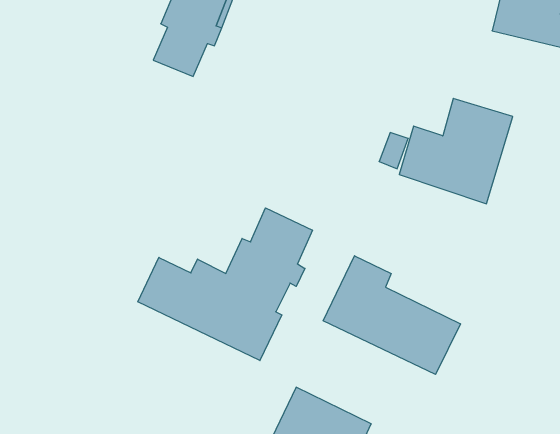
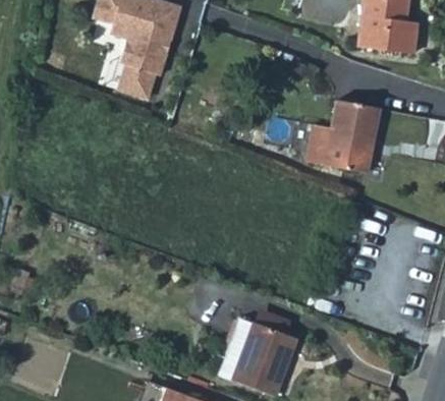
building: [138,208,312,361] -> none
building: [323,256,460,374] -> none

